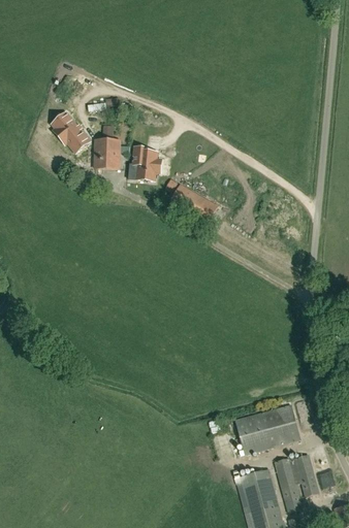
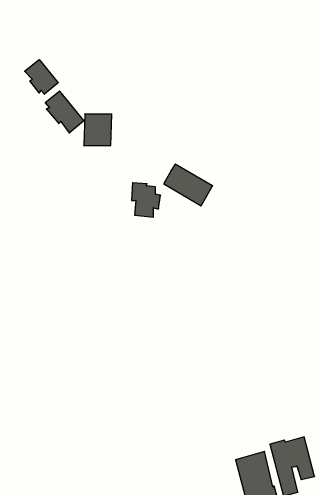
building: none -> [25,60,58,94]
building: [133,147,162,182] -> [132,183,161,217]
building: [235,404,300,455] -> none

